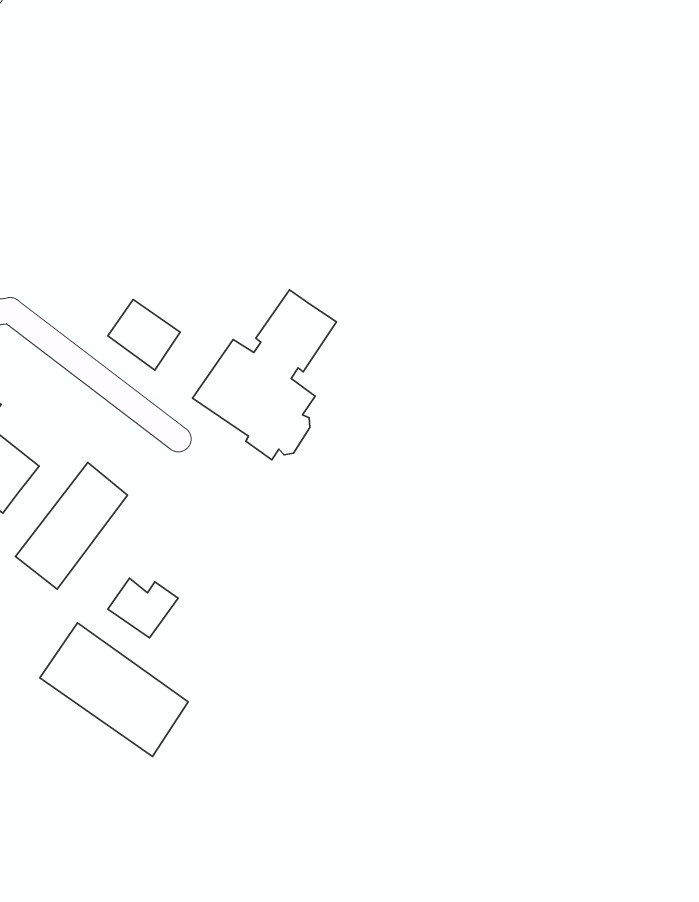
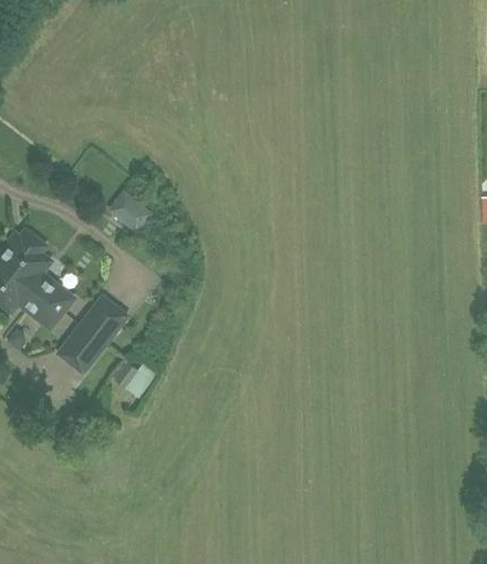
building: [192,290,336,460] -> none
building: [40,623,188,756] -> none

